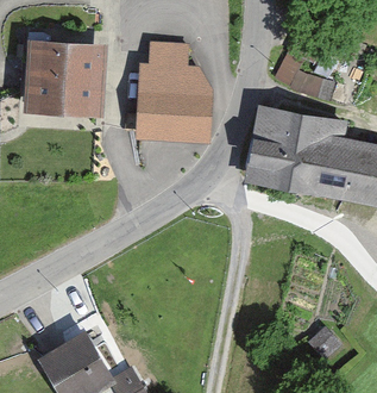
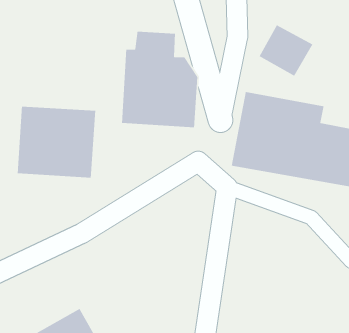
building: [23,39,107,117] -> [17,106,96,178]

